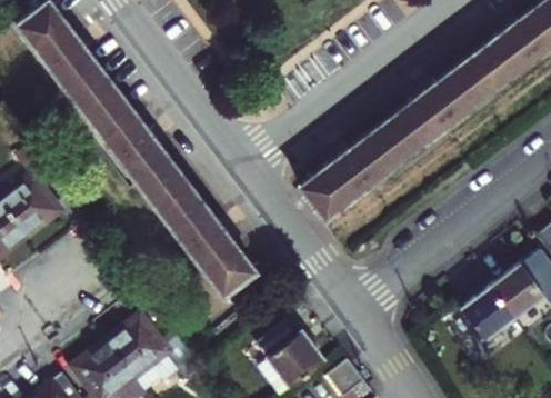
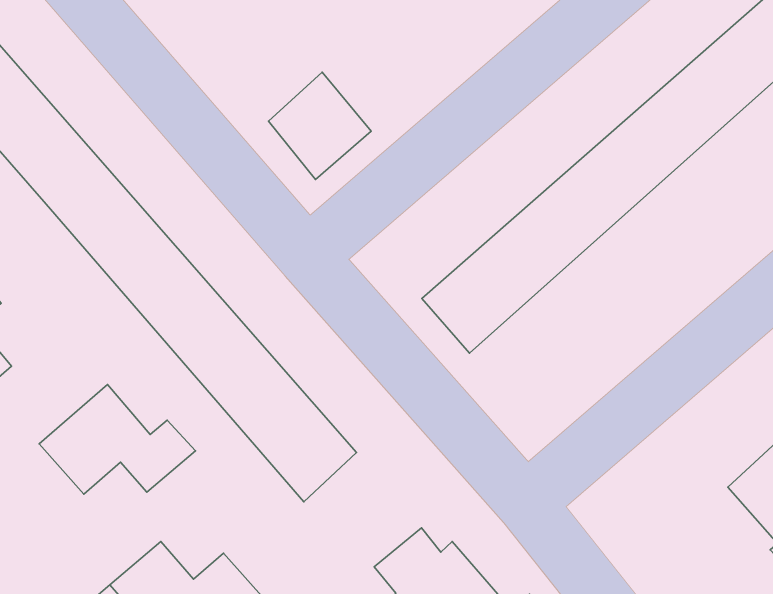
building: none -> [269,72,371,179]
building: none -> [39,384,196,494]

